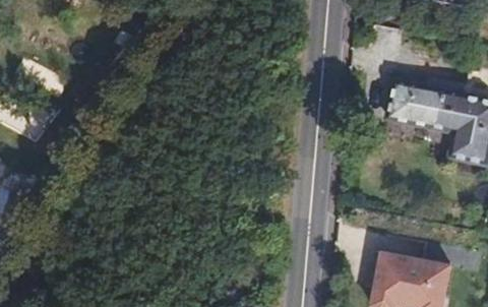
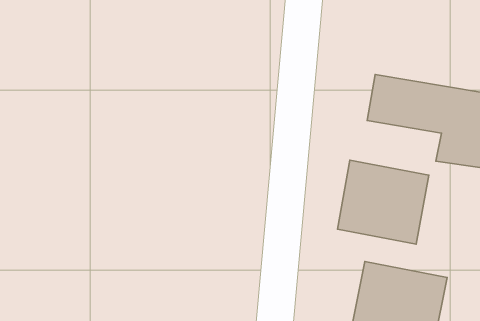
building: none -> [337,160,429,244]

